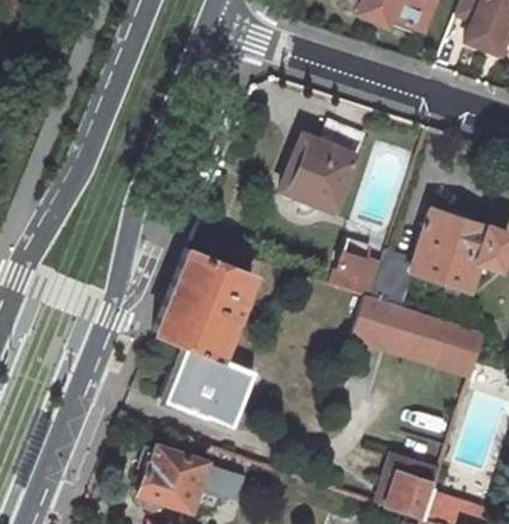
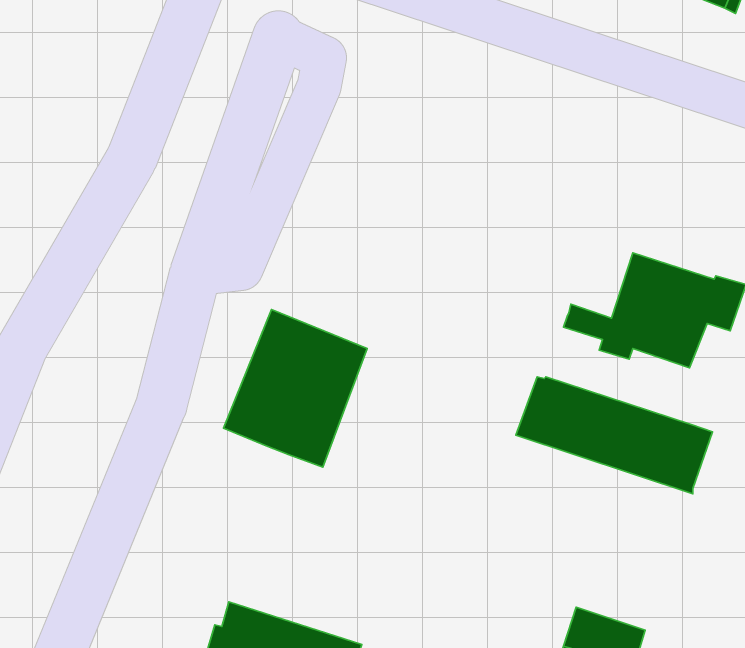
building: [285,127,362,214] -> none
building: [330,251,388,298] -> none
building: [165,343,254,428] -> none

